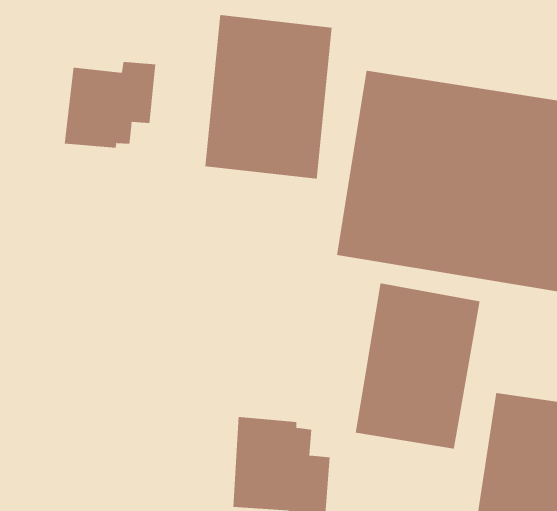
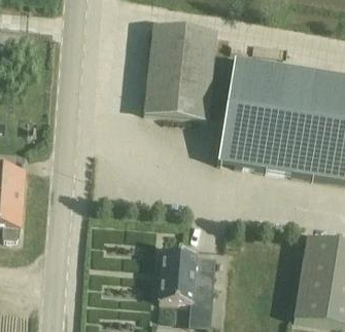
building: [64,61,156,148] -> none
building: [355,282,480,449] -> none

